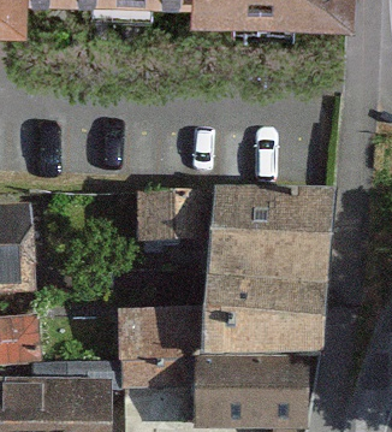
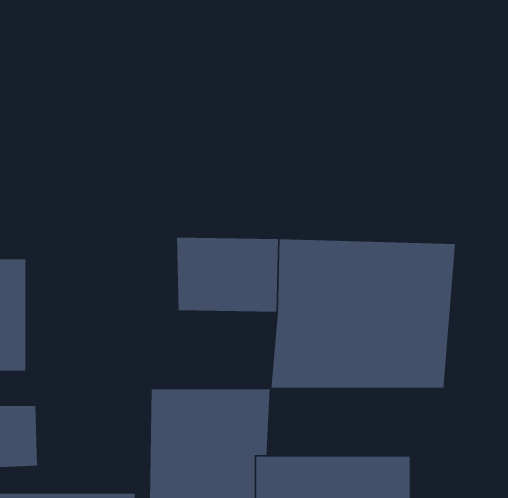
building: [201,312,327,360] -> none

